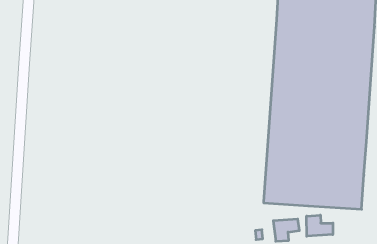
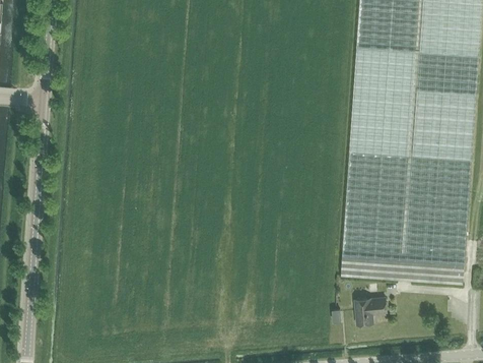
building: [307,215,333,236] -> none

